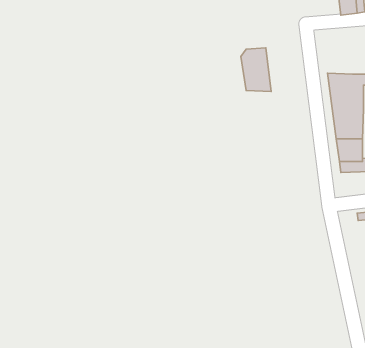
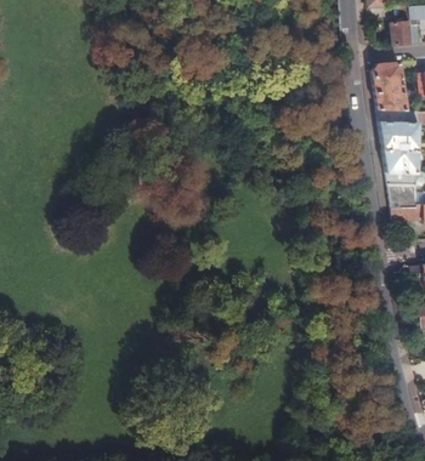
building: [241,48,271,92] -> [372,63,406,112]

